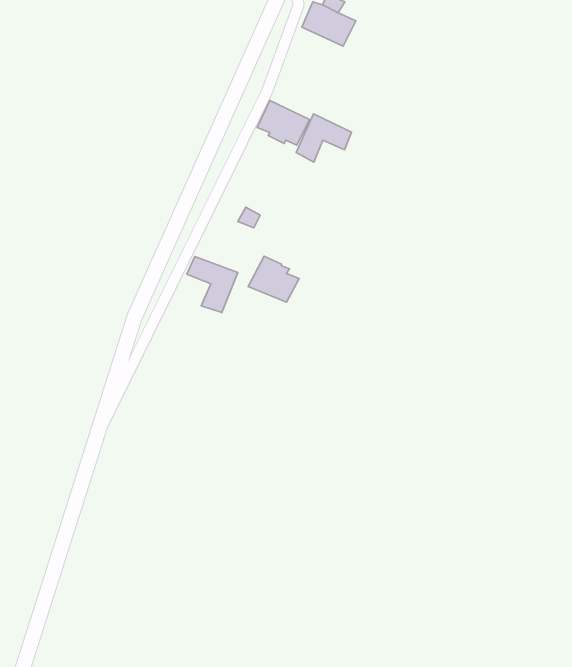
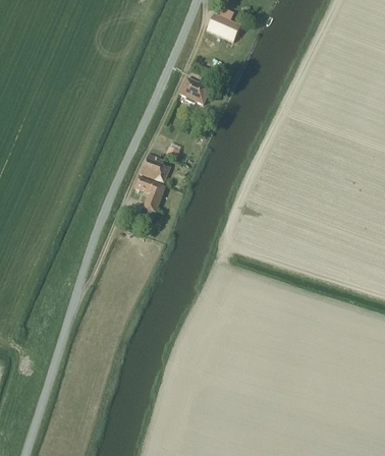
building: [296,114,352,162] -> none
building: [248,256,299,302] -> [140,153,172,182]

